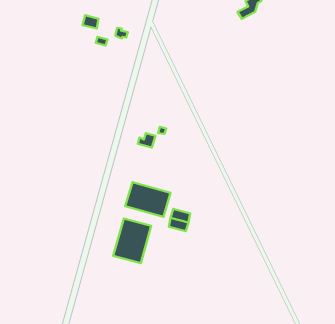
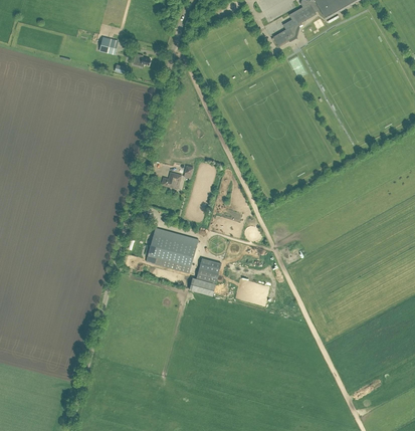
building: [113,218,151,263] -> none

